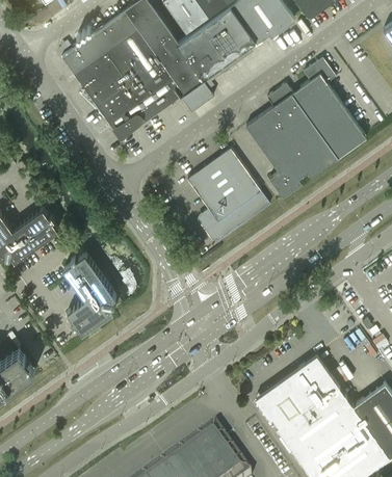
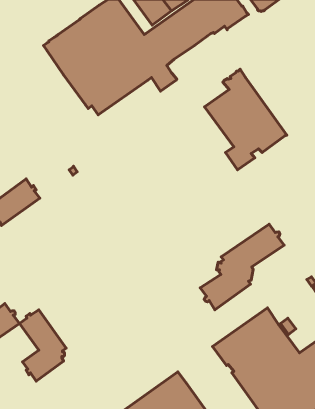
building: [292,57,366,158] -> none
building: [187,148,270,241] -> none
building: [63,254,116,335] -> [20,310,66,381]
building: none -> [200,224,284,310]

